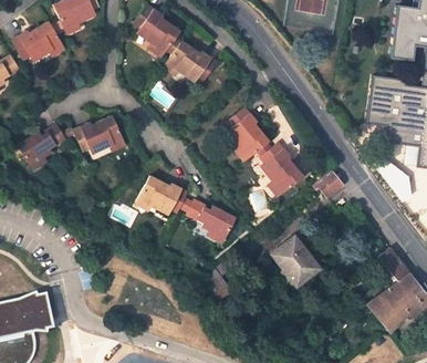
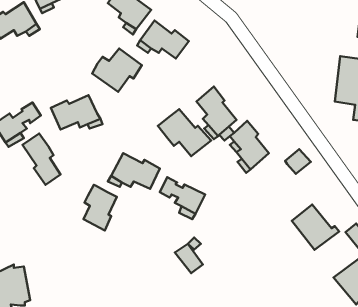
building: none -> [92,48,142,92]
building: none -> [158,109,211,156]
building: none -> [22,134,60,185]
building: none -> [83,185,117,231]
building: [271,237,320,283] -> [292,205,339,250]

